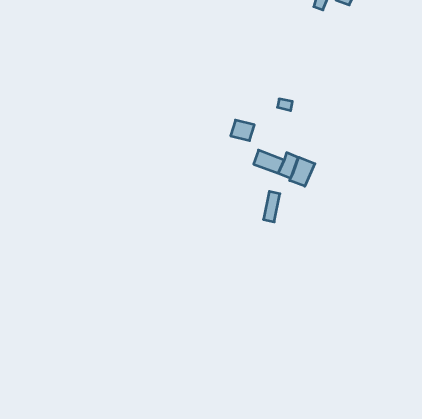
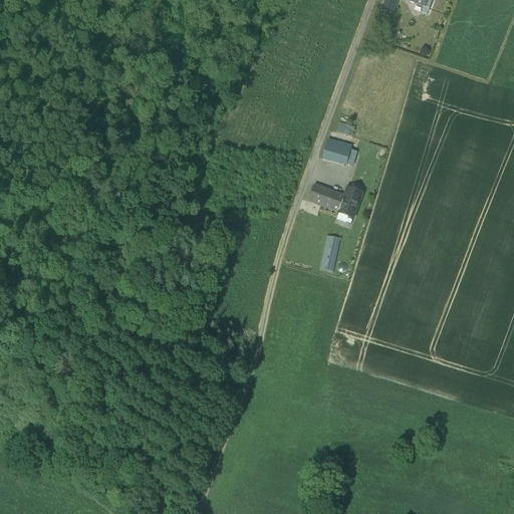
building: [231,120,254,141] -> [322,139,351,164]
building: [290,157,315,186] -> none

